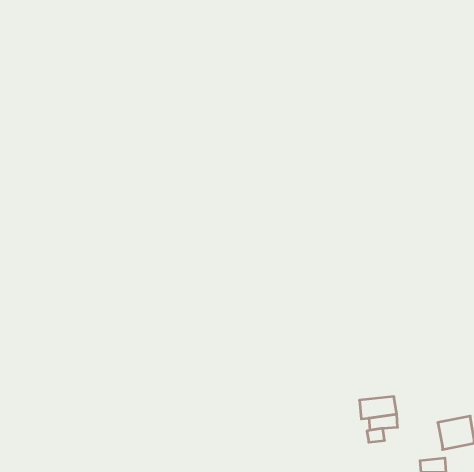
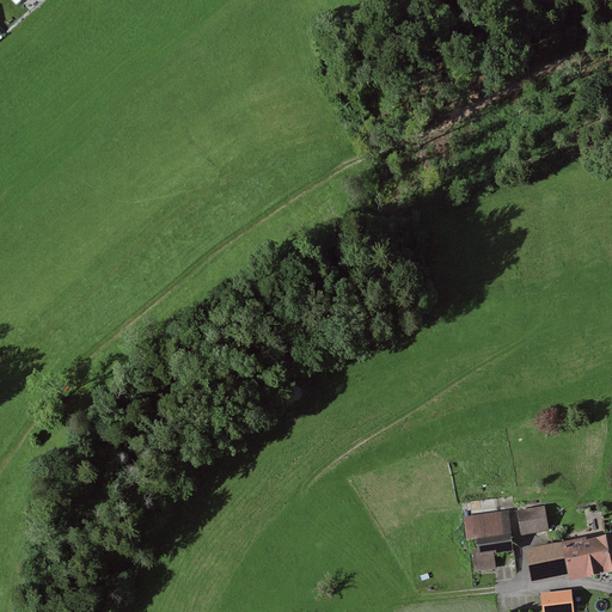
building: none -> [521,503,553,532]
building: none -> [524,543,568,582]

